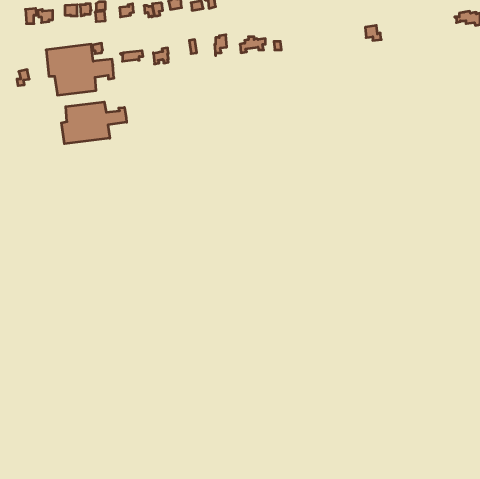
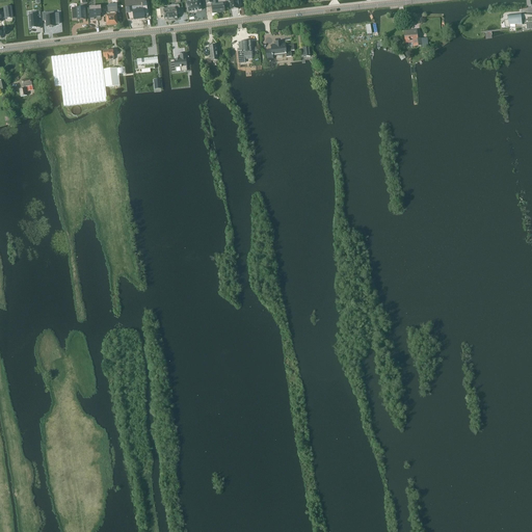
building: [61,102,127,144] -> none

